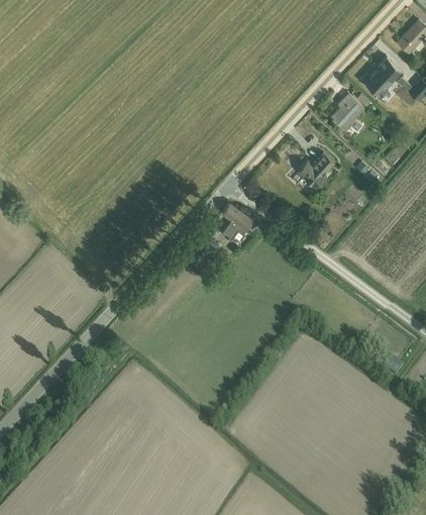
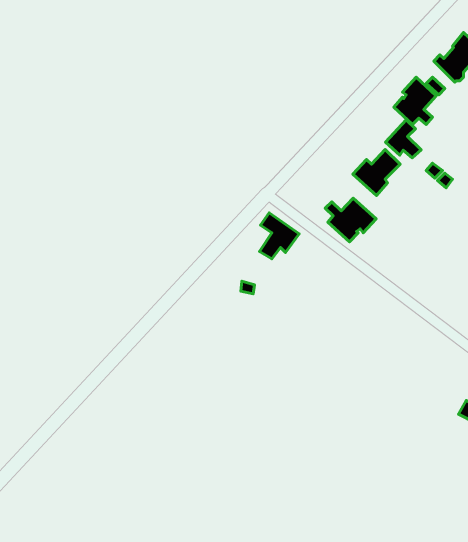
building: none -> [386,120,421,158]
building: none -> [325,198,376,242]

